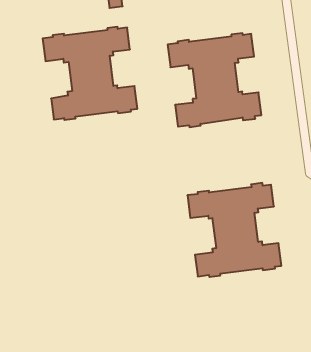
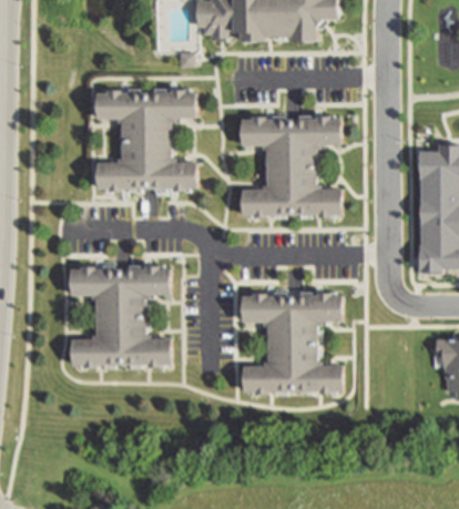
building: none -> [71,267,170,368]

